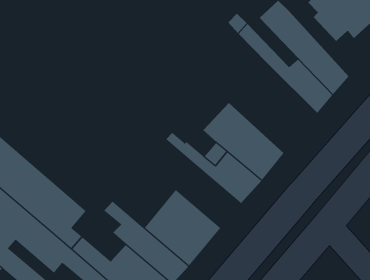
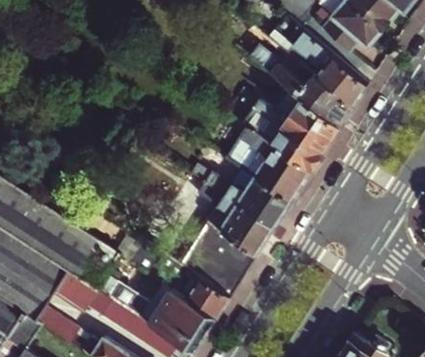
building: none -> [244,83,340,171]
building: none -> [197,182,275,255]

